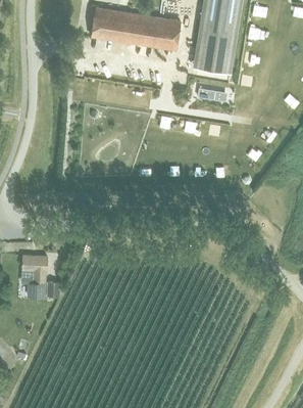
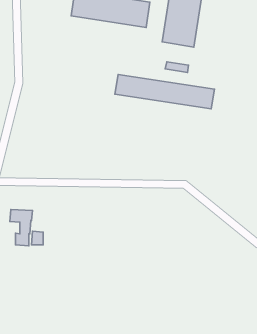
building: none -> [115,74,215,109]

